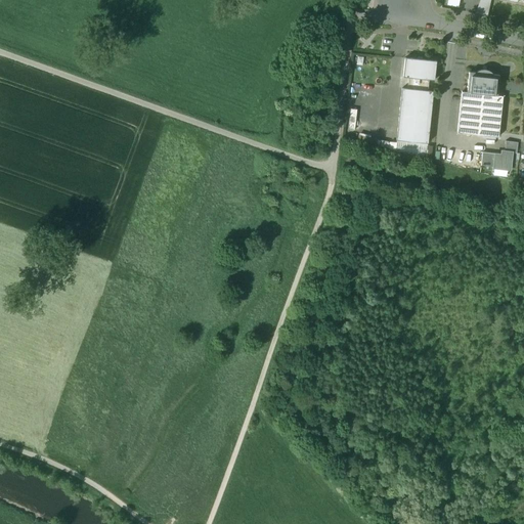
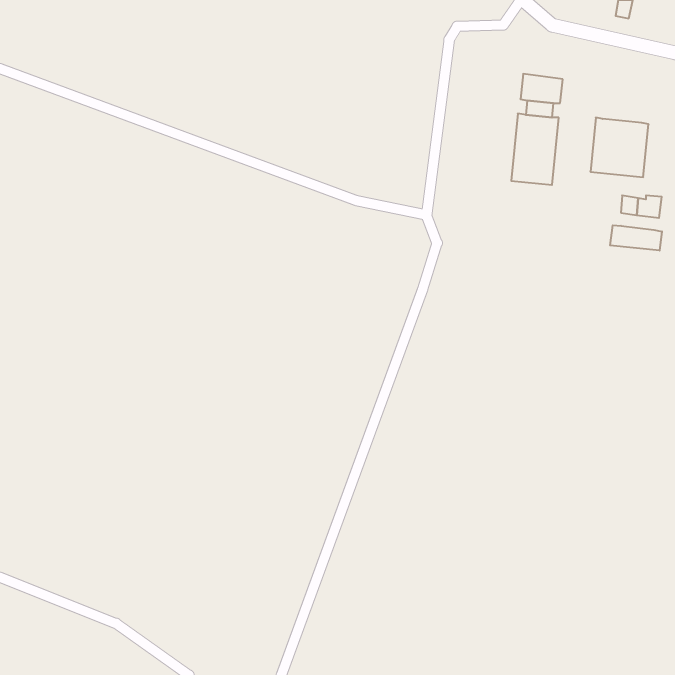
building: [467,70,499,95] -> none
building: none -> [610,225,662,251]

